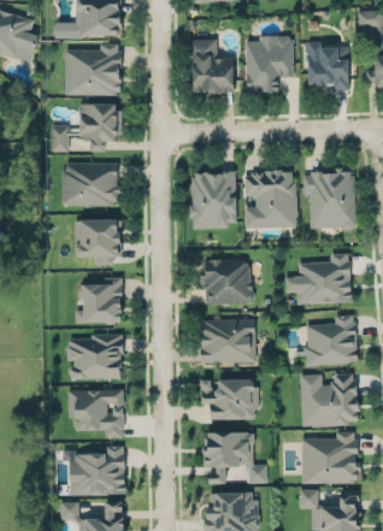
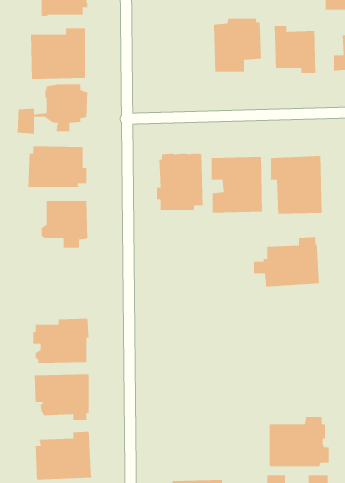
building: [189,40,234,92] -> none
building: [201,260,251,306] -> none
building: [75,279,122,325] -> none
building: [295,313,358,366] -> none
building: [200,321,254,365] -> none
building: [300,373,360,426] -> none
building: [200,377,258,419] -> none
building: [202,429,267,484] -> none

